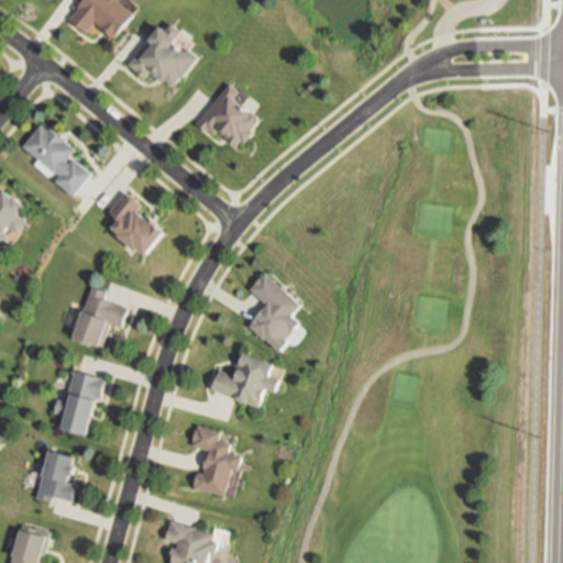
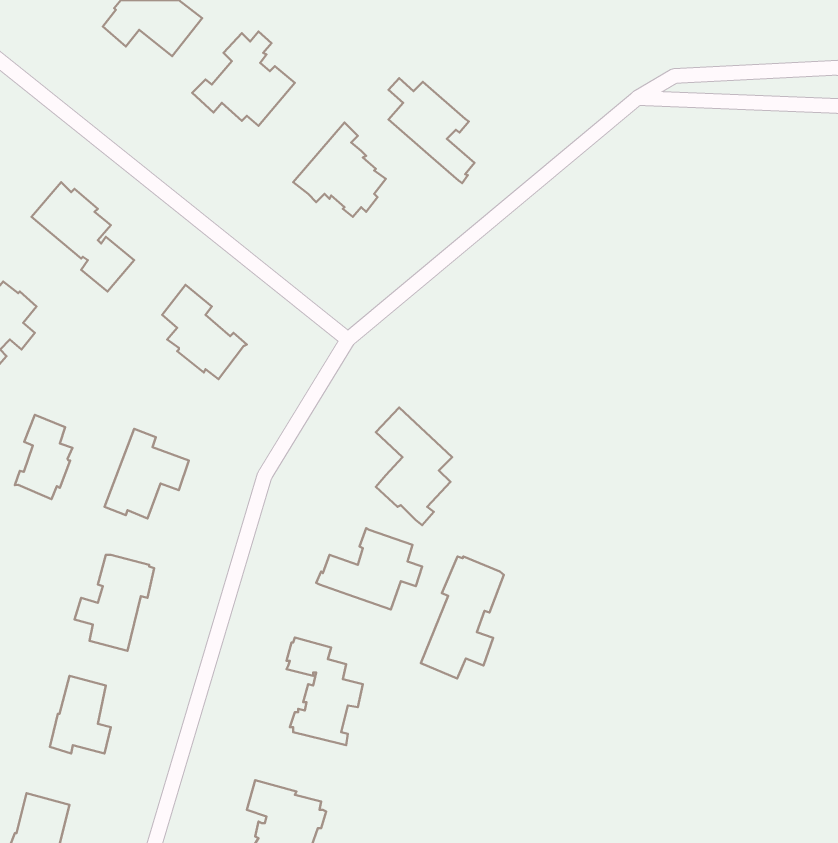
building: none -> [388,78,475,183]
building: none -> [15,415,72,499]
building: none -> [421,556,504,678]

